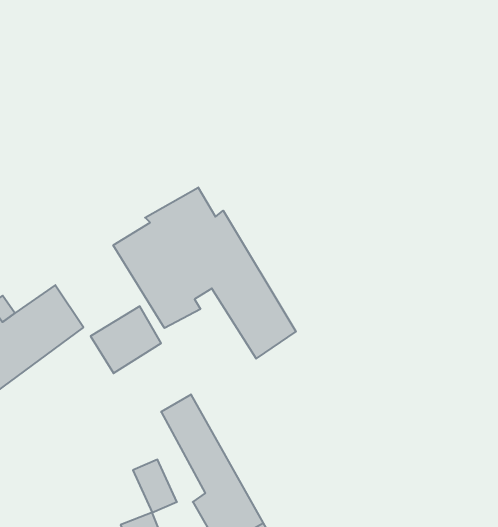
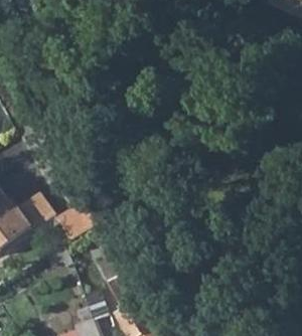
building: [113,187,296,359] -> none

